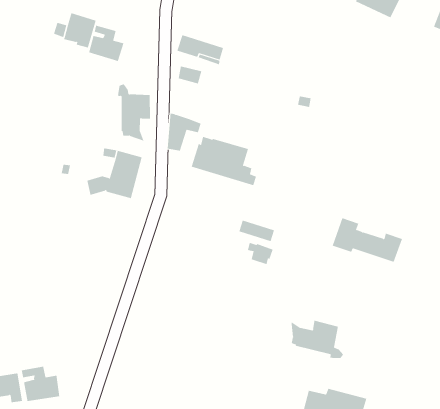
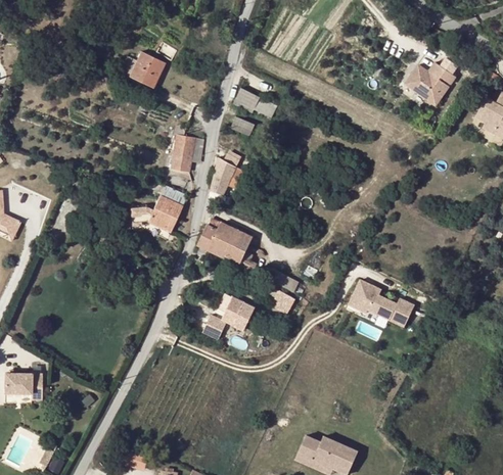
building: [88,25,124,62] -> none
building: [191,136,257,186] -> [196,219,256,272]
building: none -> [202,293,254,338]
building: [291,320,344,359] -> none
building: [21,366,60,402] -> none

